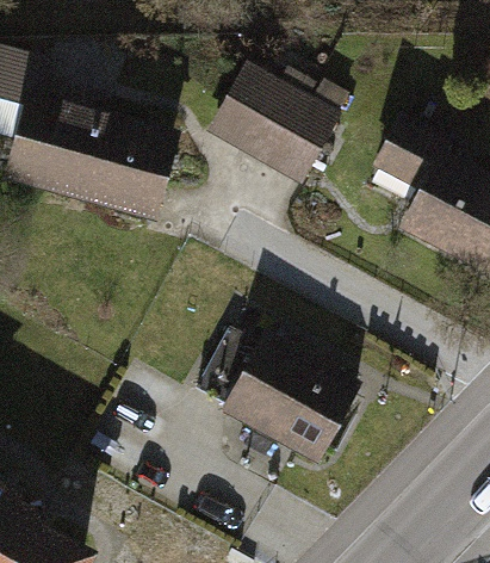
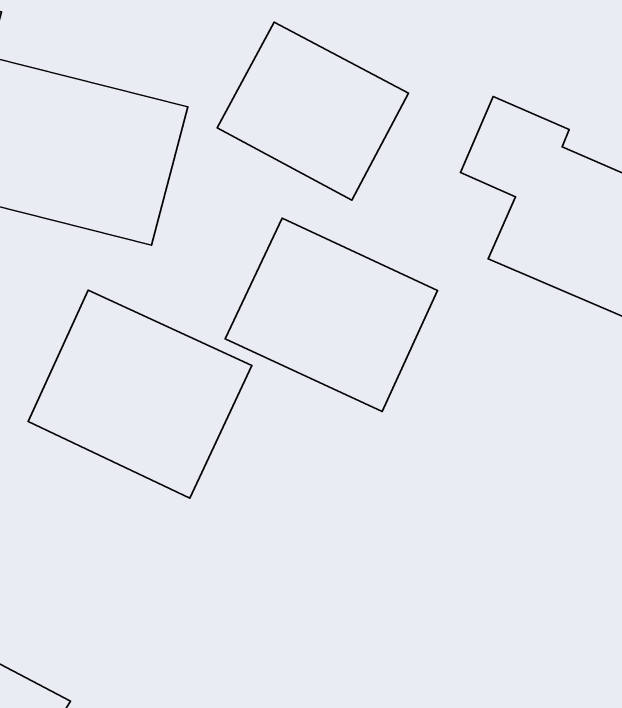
building: none -> [28,290,252,498]
building: [212,328,359,462] -> [225,218,437,411]

